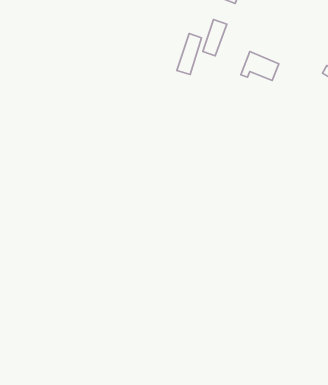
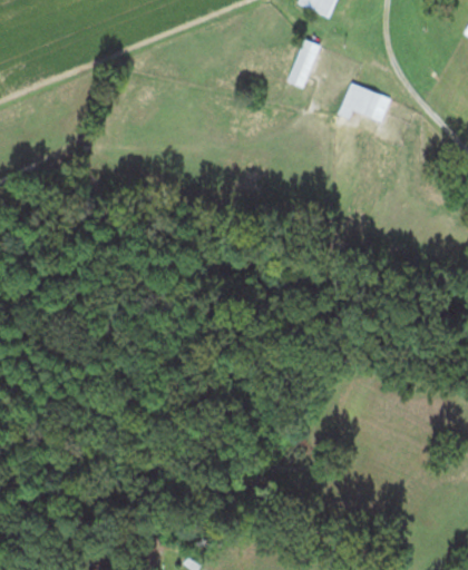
building: [177,34,201,74] -> none

